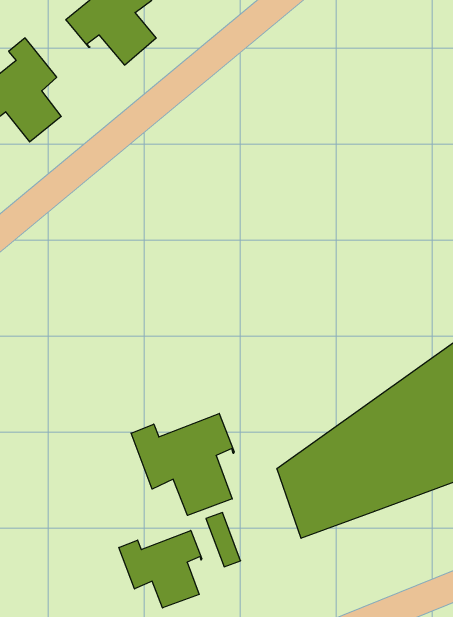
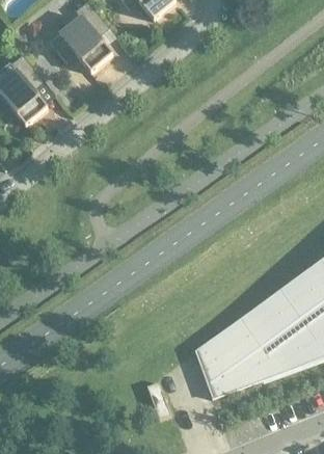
building: [131,413,234,515] -> none
building: [119,530,202,608] -> none

